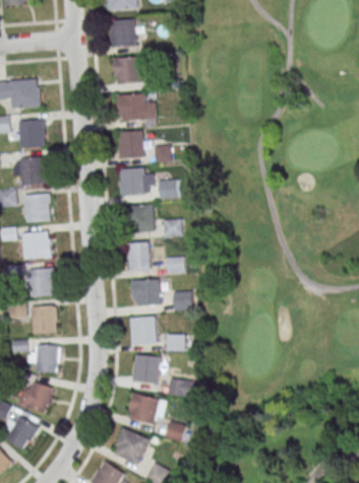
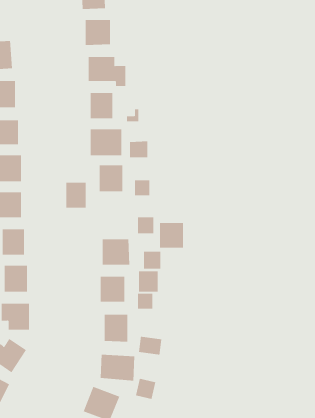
building: [128,243,149,269] -> [66,182,87,208]
building: none -> [159,222,183,248]
building: none -> [138,270,158,292]

